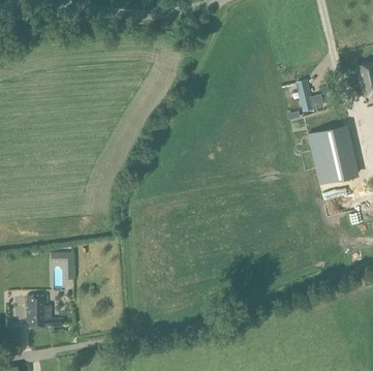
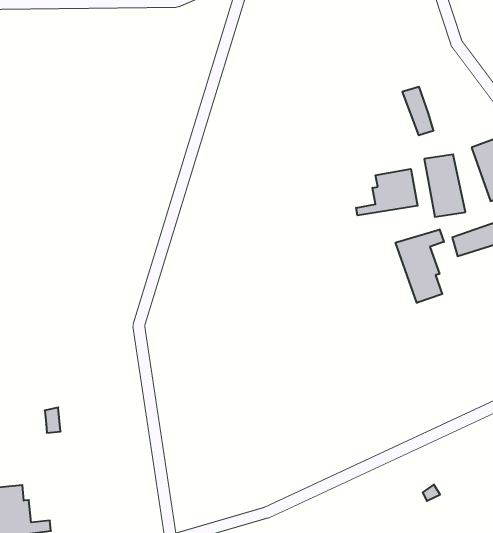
building: none -> [356,169,418,215]
building: none -> [396,229,444,303]

